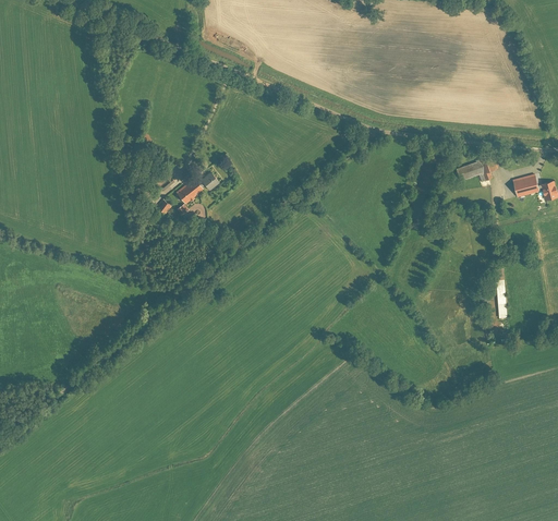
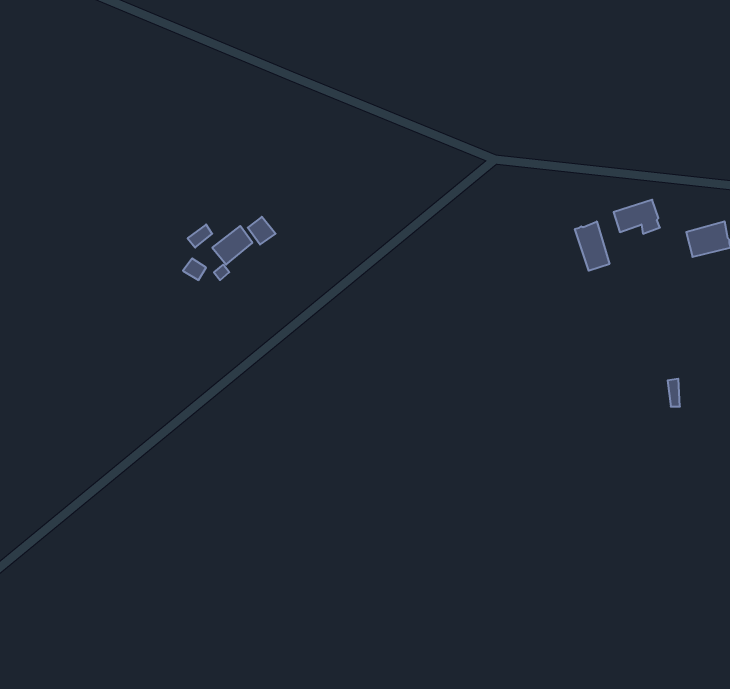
building: none -> [575,221,609,271]

